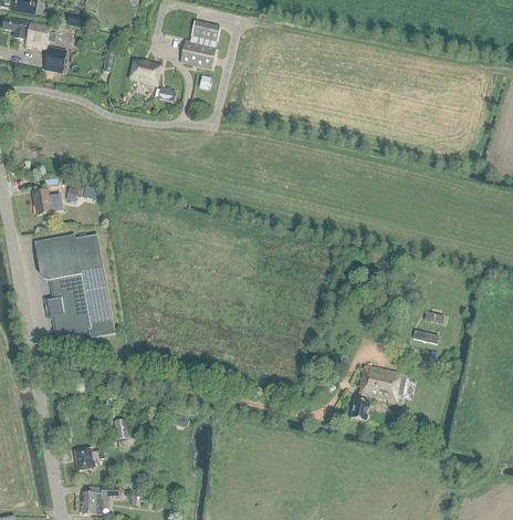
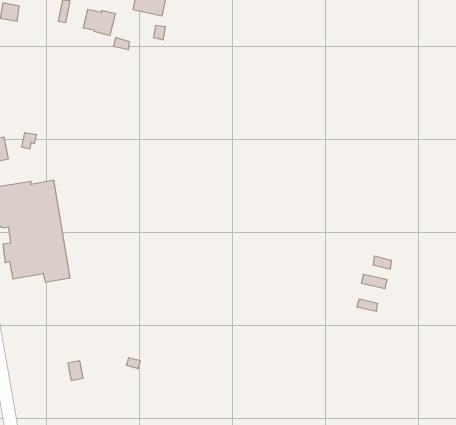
building: [349,366,407,422] -> none
building: [73,447,103,471] -> none

